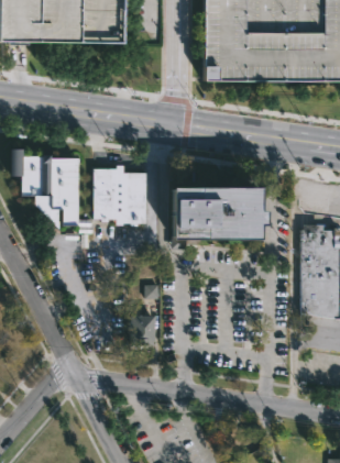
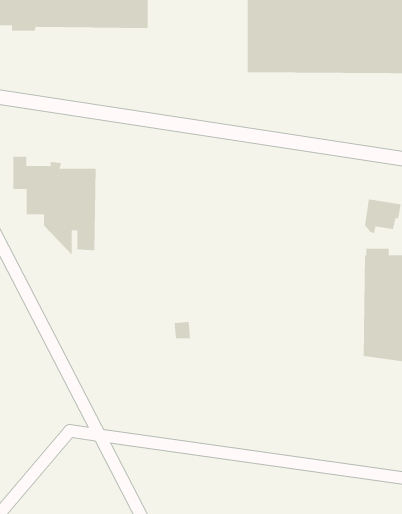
building: [92,164,145,224] -> none
building: [172,185,265,250] -> none
building: [130,313,154,344] -> none

